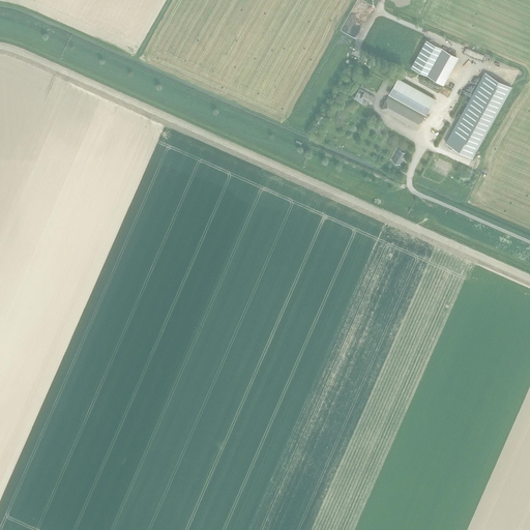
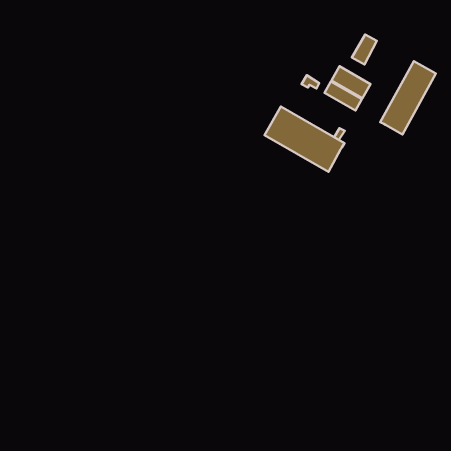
building: [426,49,455,84] -> none
building: none -> [265,107,345,172]

